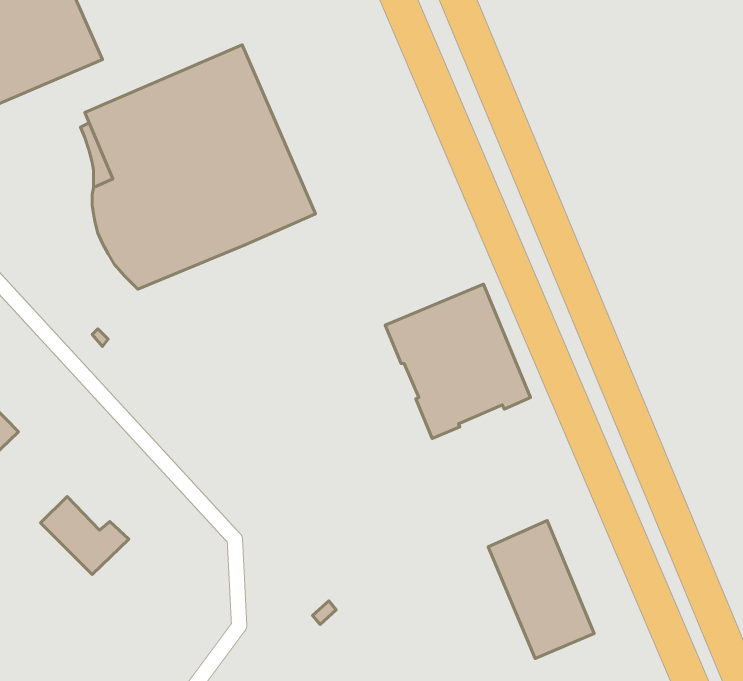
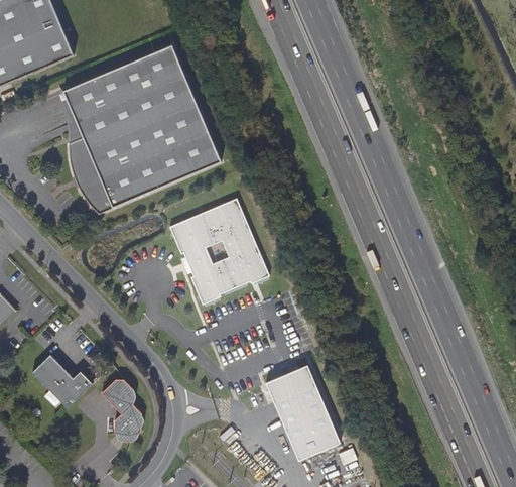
building: [385,284,531,439] -> [170,197,270,302]
building: [488,520,594,659] -> [266,364,339,459]
building: none -> [100,379,142,442]

